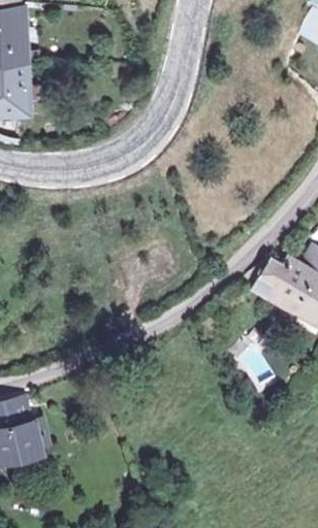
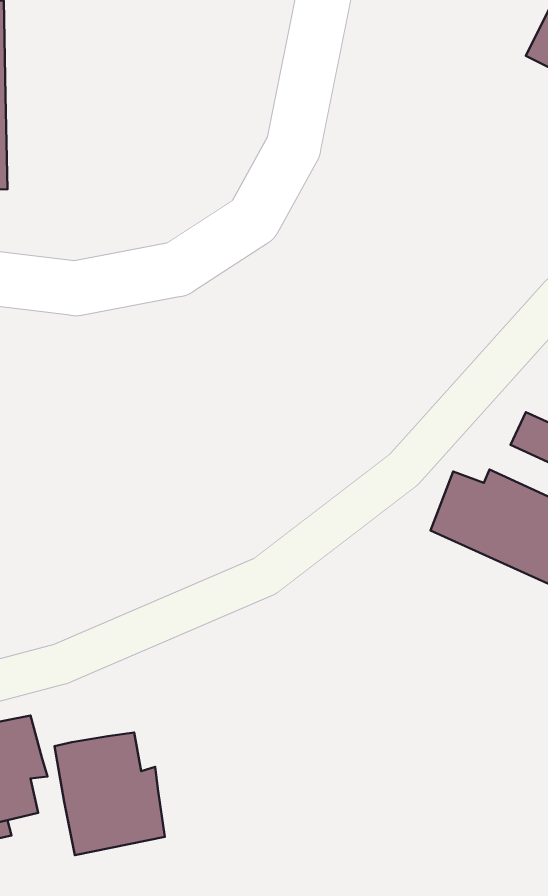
building: none -> [54,733,165,855]

